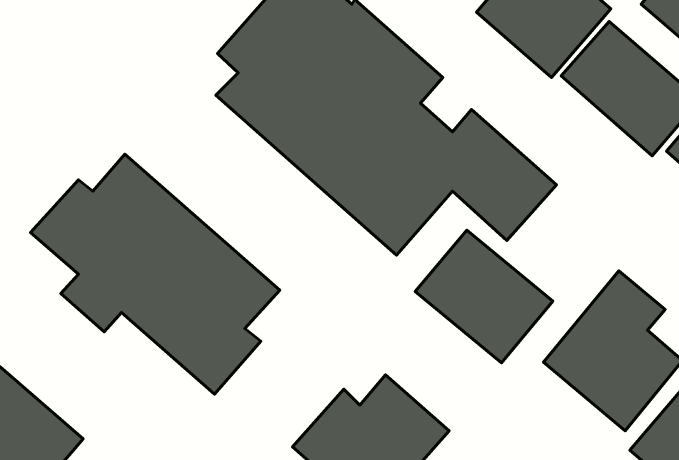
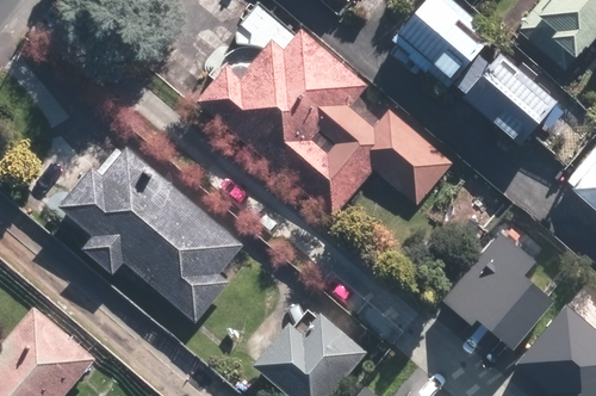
building: [415,230,553,363] -> none

